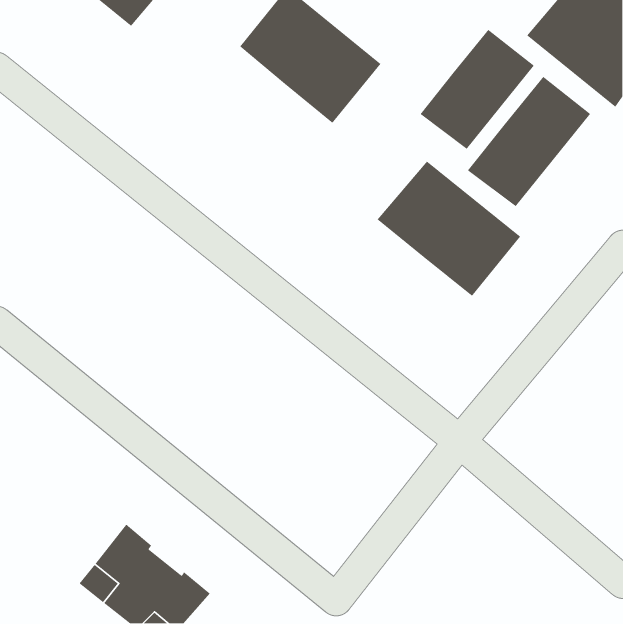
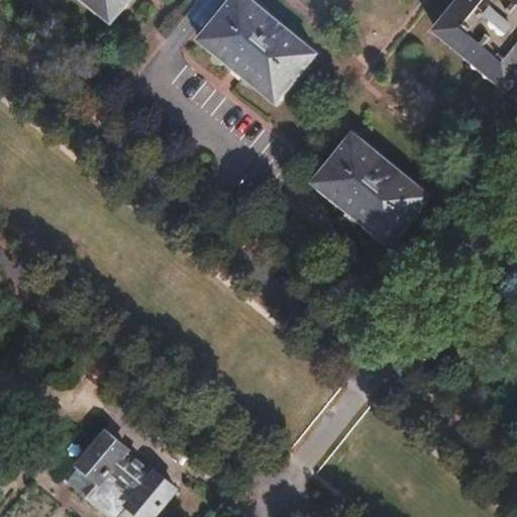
building: [420,29,535,150] -> none
building: [467,76,591,207] -> none

